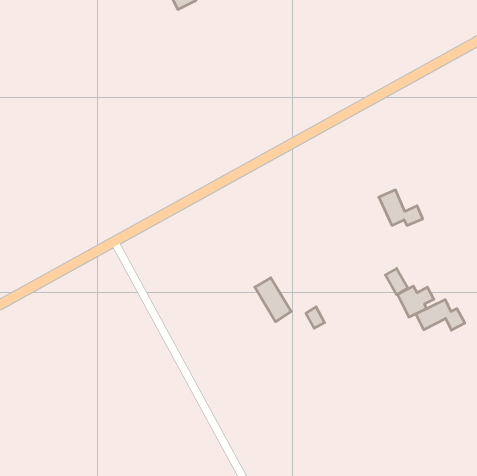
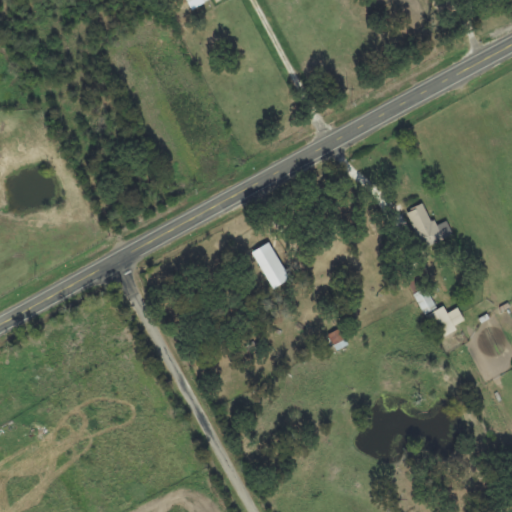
building: [255,278,291,322] -> [250,242,289,289]
building: [416,300,465,330] -> none

